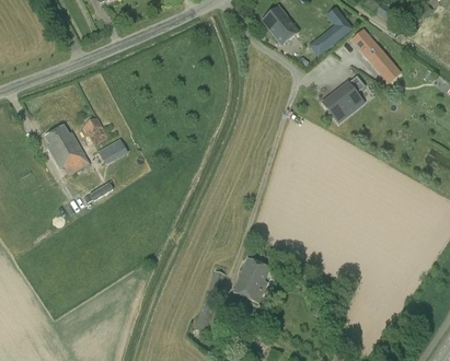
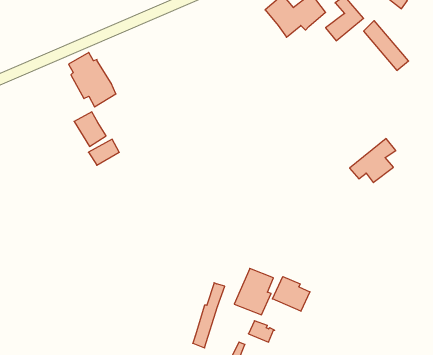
building: [321,75,364,116] -> [350,139,396,183]
building: [44,125,88,175] -> [69,52,116,107]
building: none -> [272,277,310,311]

